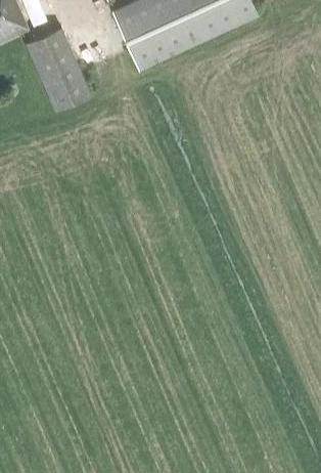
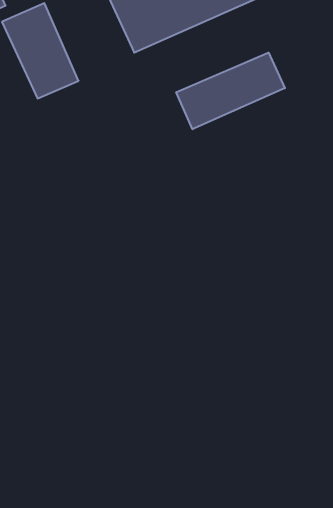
building: none -> [176,53,285,129]

